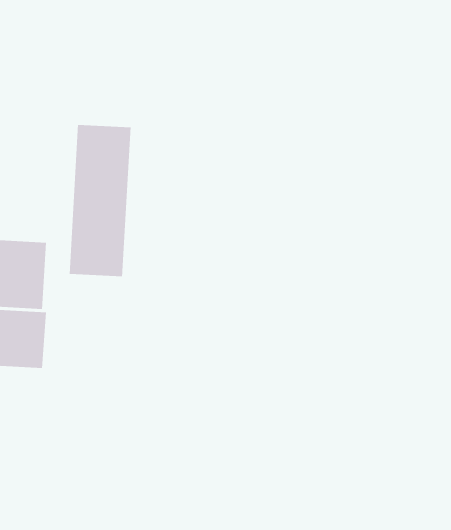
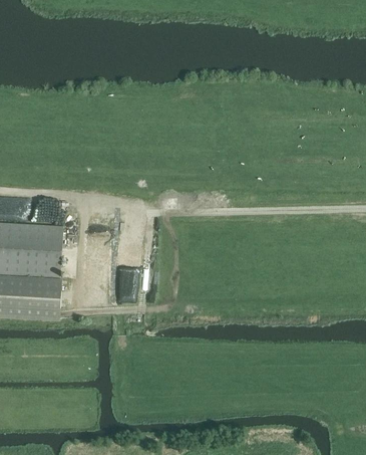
building: [69,124,131,277] -> none

